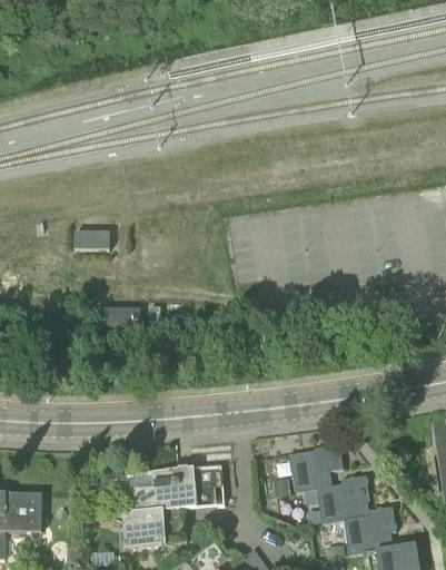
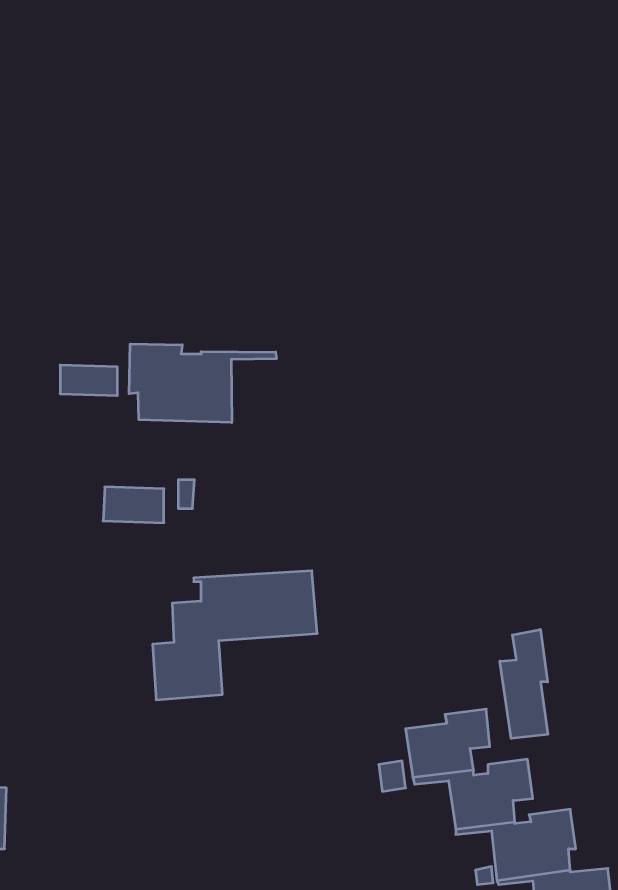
building: none -> [129,344,276,423]
building: none -> [500,629,548,738]
building: [121,464,224,544] -> [153,571,317,700]

